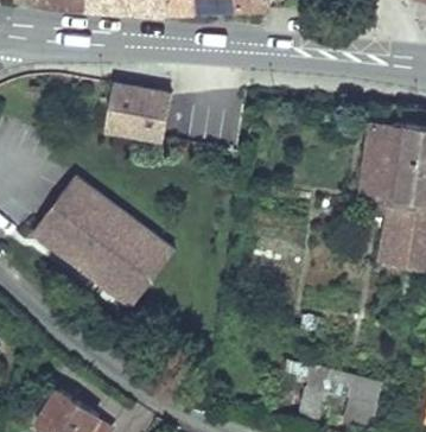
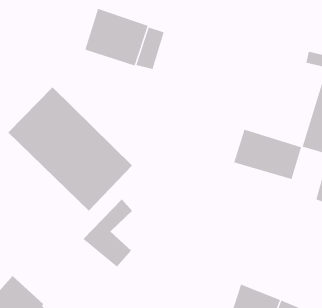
building: none -> [233,129,302,180]
building: none -> [83,199,133,267]

